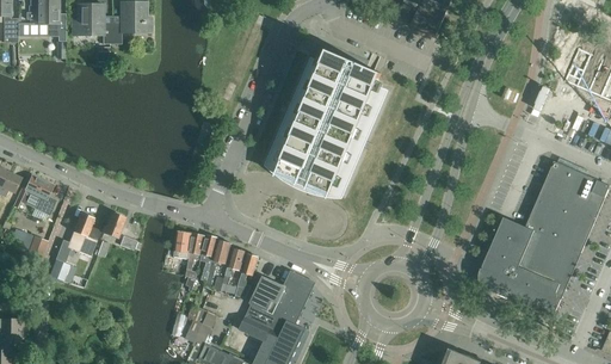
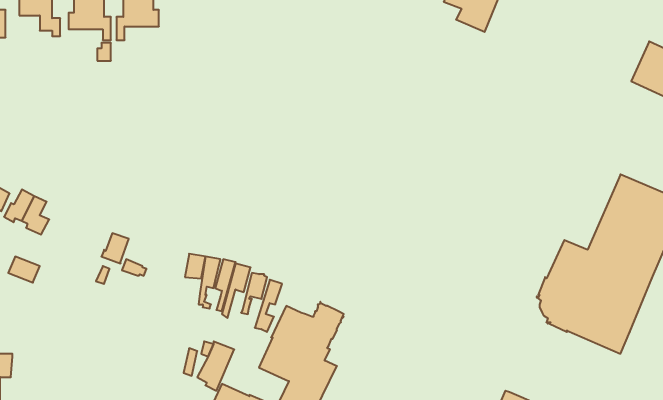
building: [266,50,384,197] -> none
building: [49,212,99,280] -> none

